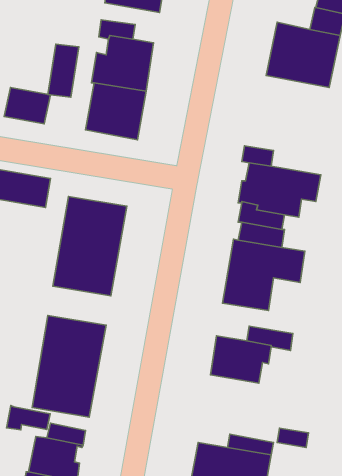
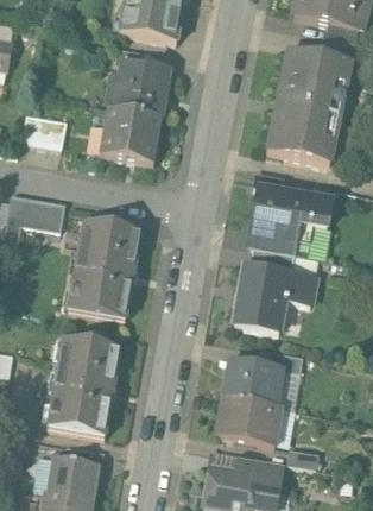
building: [48,44,79,97] -> none
building: none -> [266,105,339,165]
building: none -> [215,398,280,448]
building: [6,405,50,430] -> none

